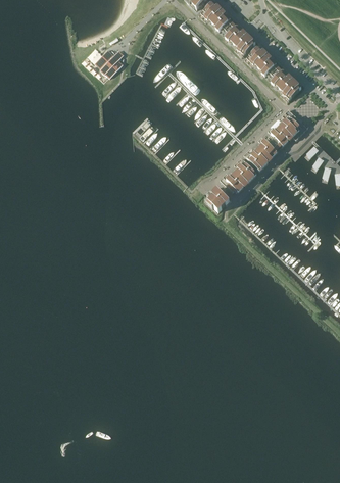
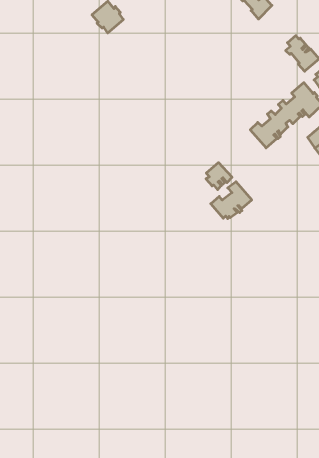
building: [245,44,278,75] -> none
building: [218,157,255,191] -> [211,182,252,219]

